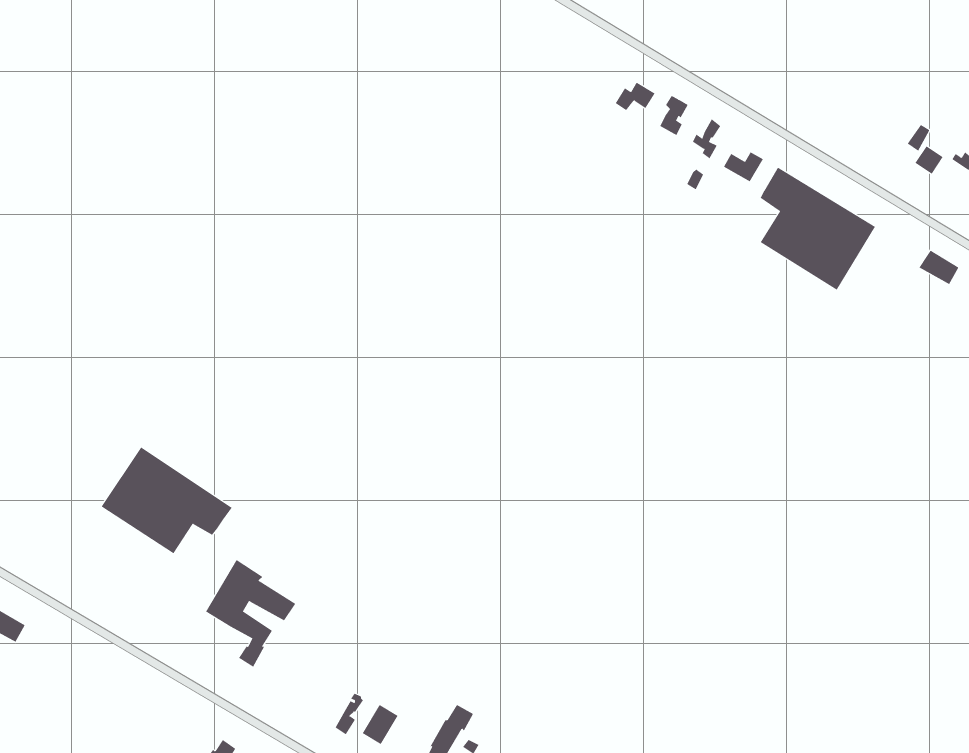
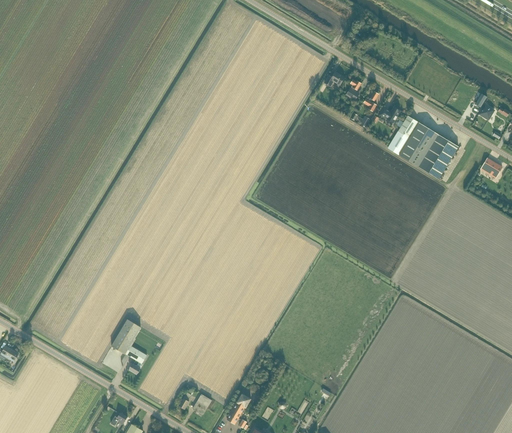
building: [101,447,232,554] -> none

